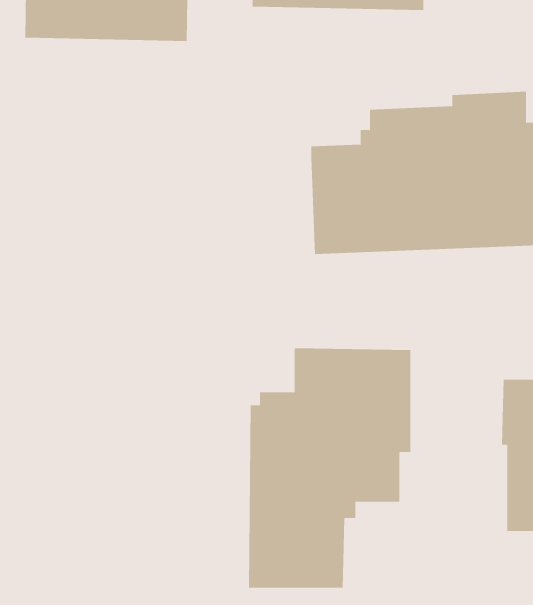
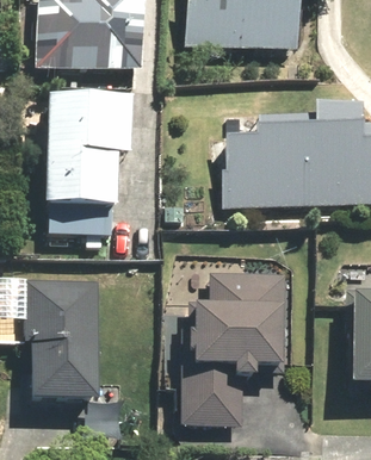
building: none -> [50,86,137,229]
building: none -> [25,279,98,406]

